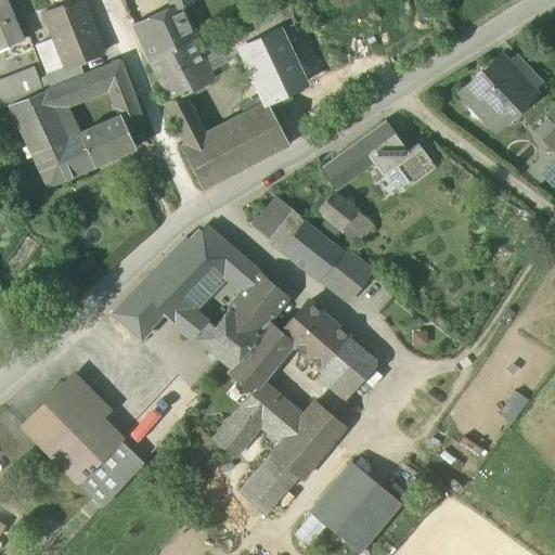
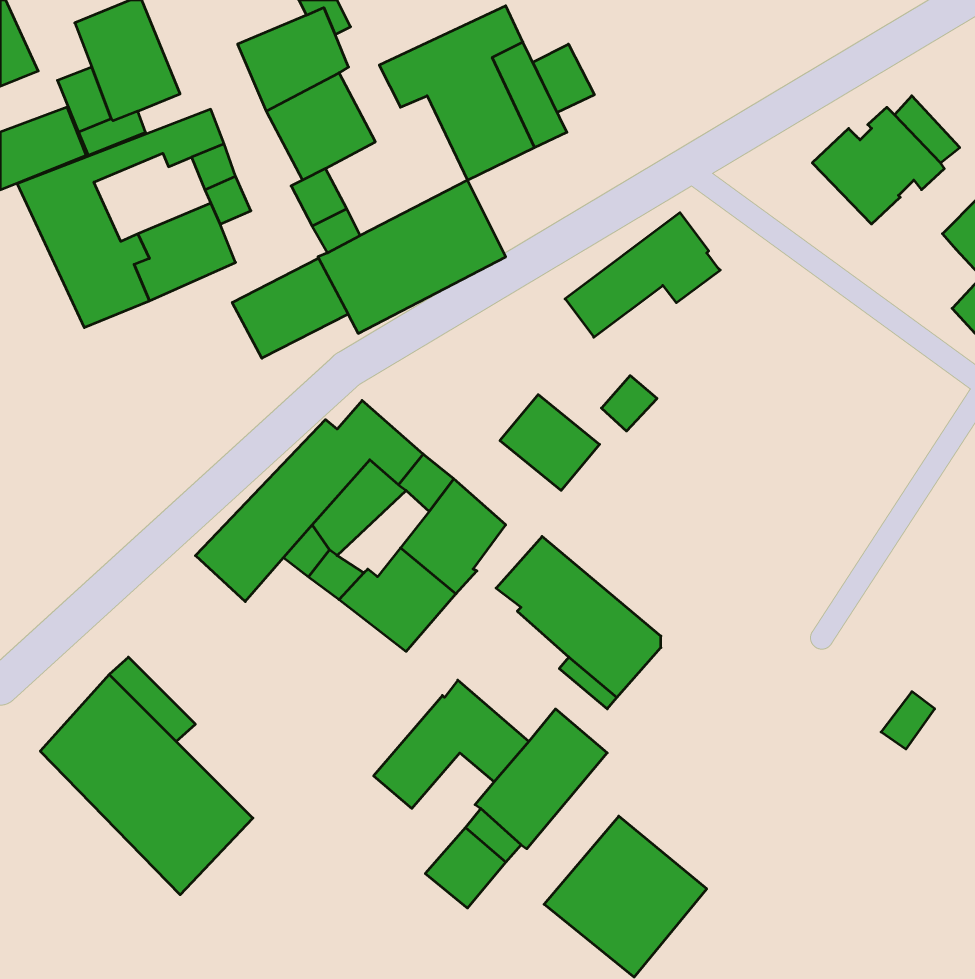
building: none -> [533,44,594,112]
building: [385,144,435,191] -> none
building: none -> [232,258,348,358]
building: [318,192,359,231] -> none
building: [250,198,307,254] -> none
building: [320,249,372,300] -> none
building: [229,323,297,395] -> none

